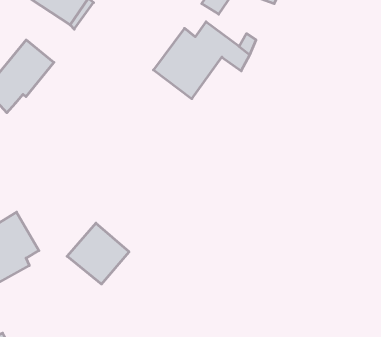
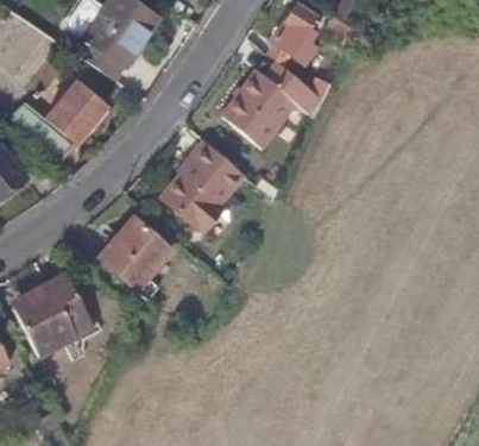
building: none -> [166,142,245,231]
building: [67,223,129,284] -> [102,218,171,285]

